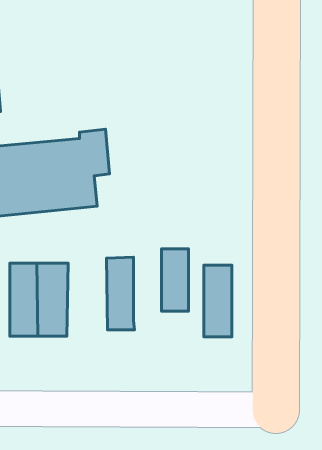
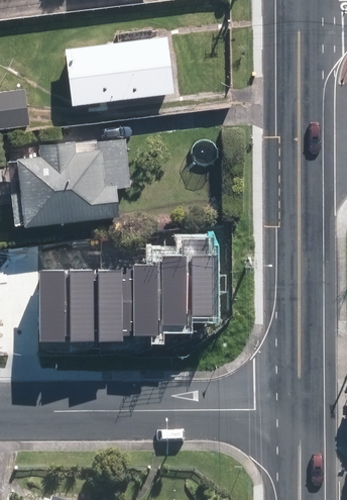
building: none -> [68,40,172,94]
building: none -> [92,271,121,341]
building: [204,265,232,337] -> [156,257,184,326]

